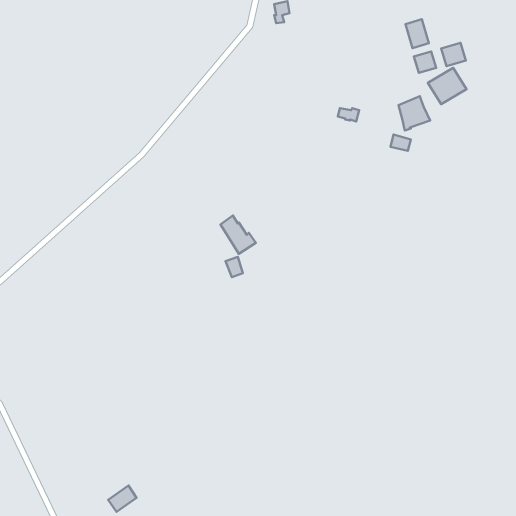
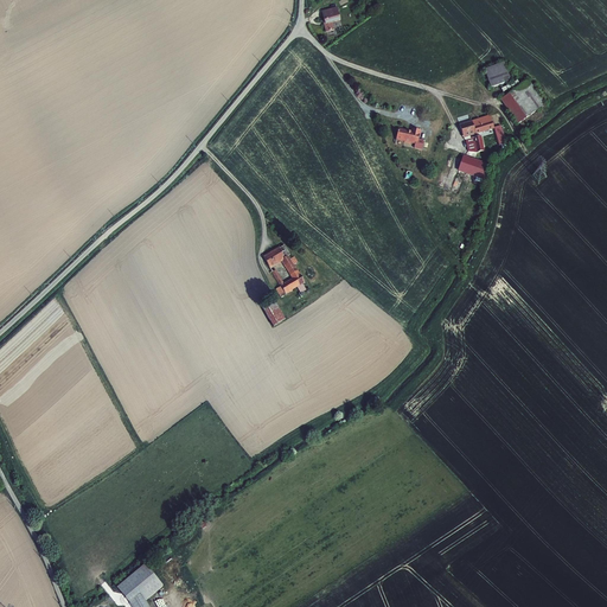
building: [406,19,429,48] -> none
building: [441,43,466,66] -> none

